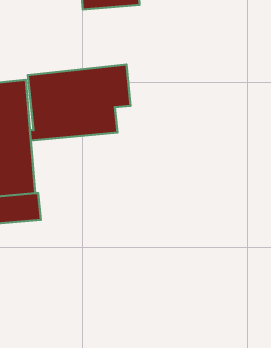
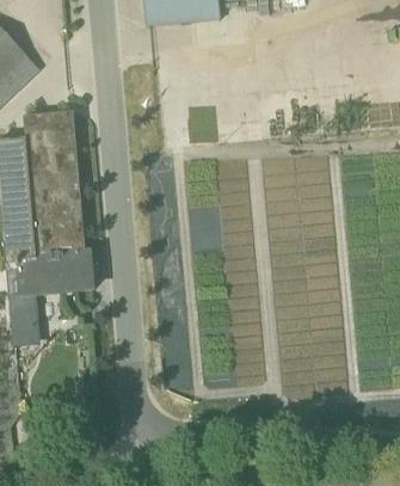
building: [28,64,131,141] -> none

